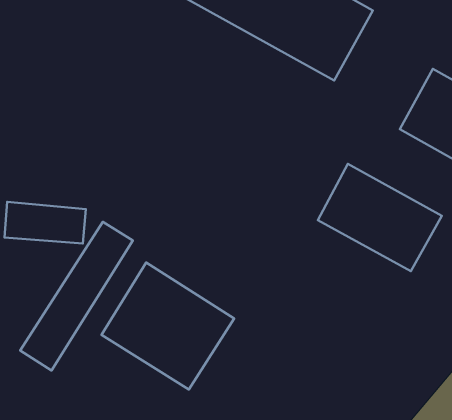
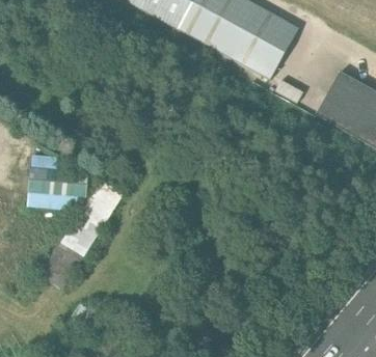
building: [318,164,442,271] -> none
building: [101,262,234,389] -> none

